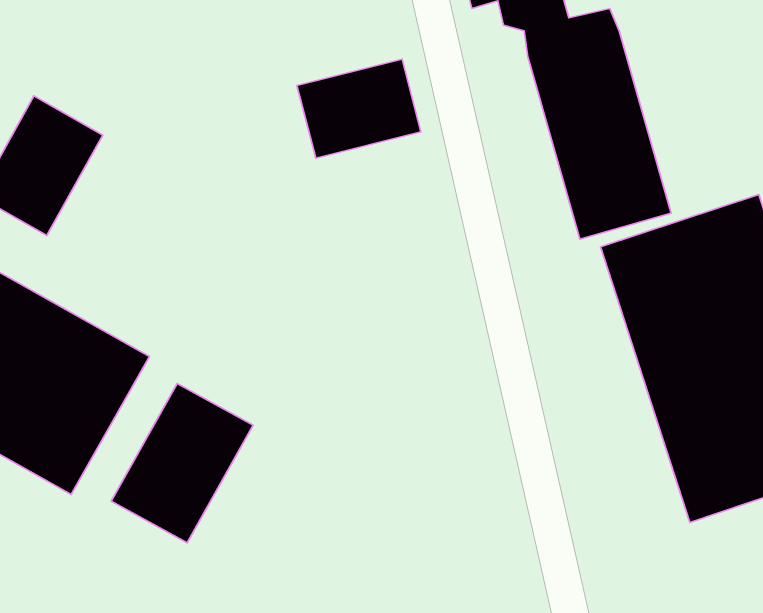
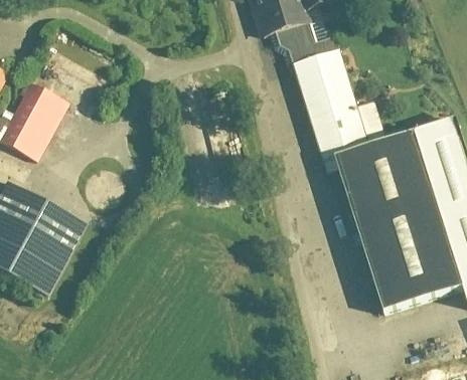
building: [297,59,421,158] -> none
building: [111,384,253,543] -> none

